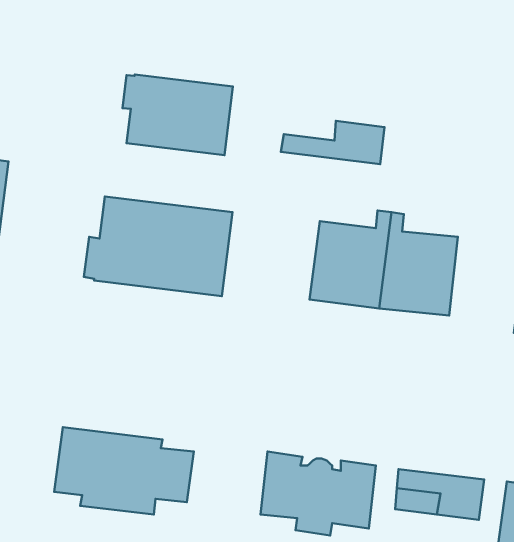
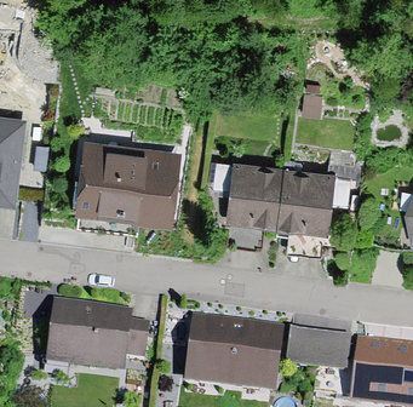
building: [123,74,233,155] -> none
building: [281,121,385,164] -> none

